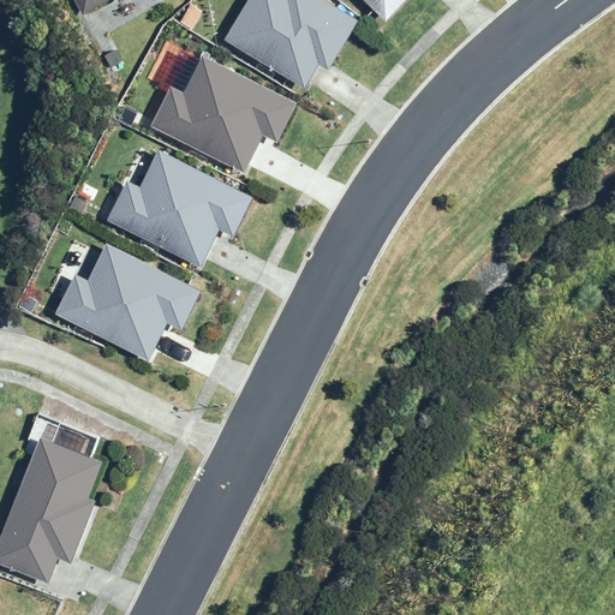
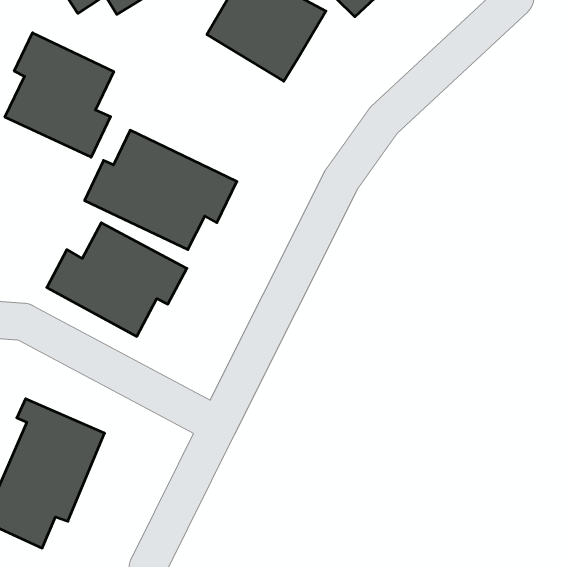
building: none -> [5,33,114,157]
building: [142,43,295,174] -> none

